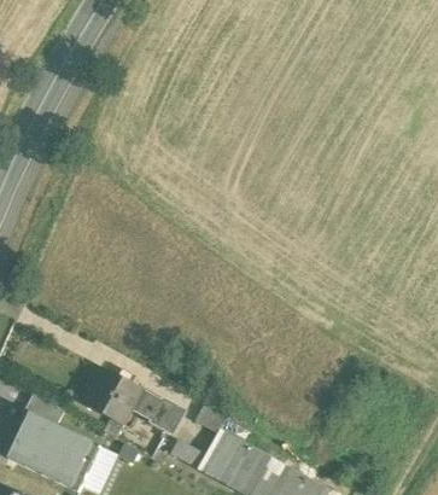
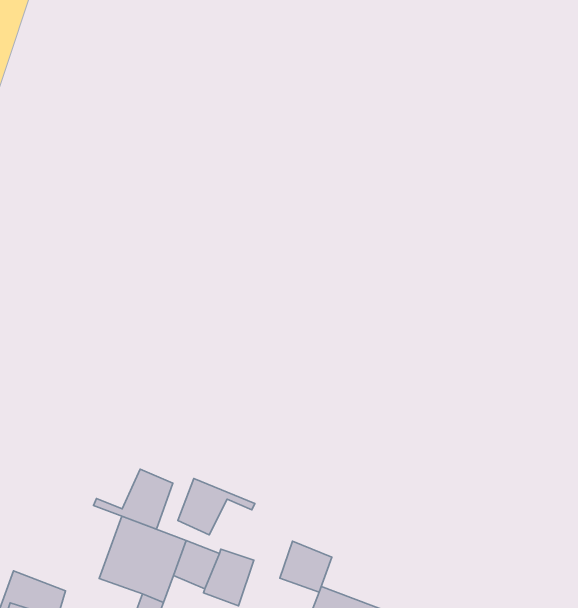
building: none -> [93,469,173,529]
building: none -> [178,479,255,535]

